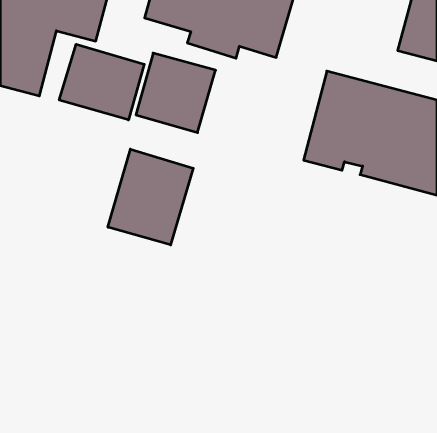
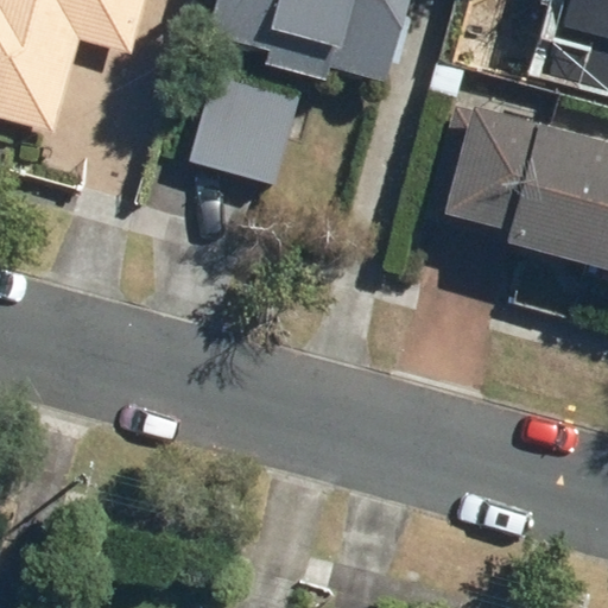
building: [59,44,144,120] -> none
building: [108,149,193,245] -> none

